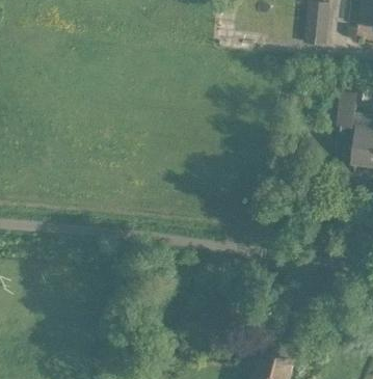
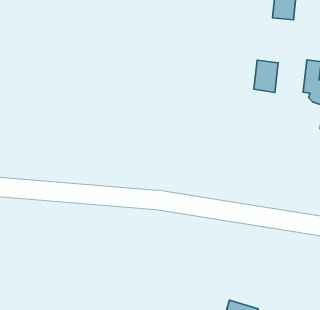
building: none -> [254,60,278,93]

